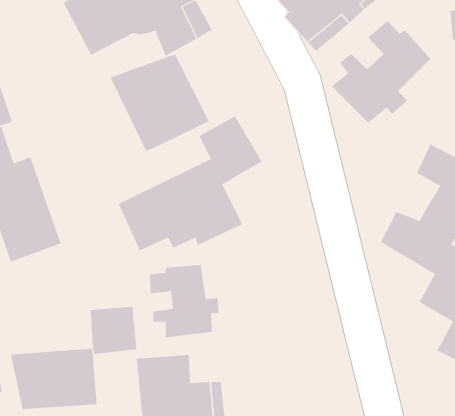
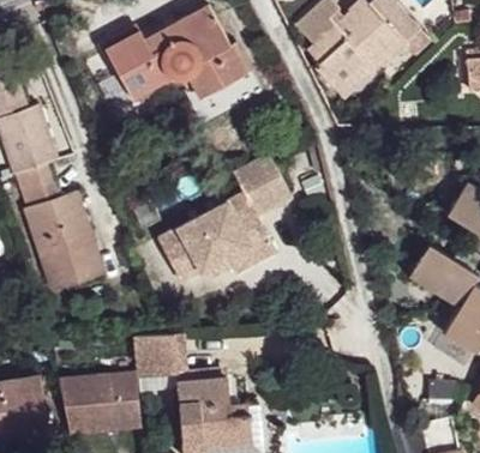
building: [331,20,431,124] -> none
building: [110,53,209,152] -> none
building: [149,264,219,338] -> none

